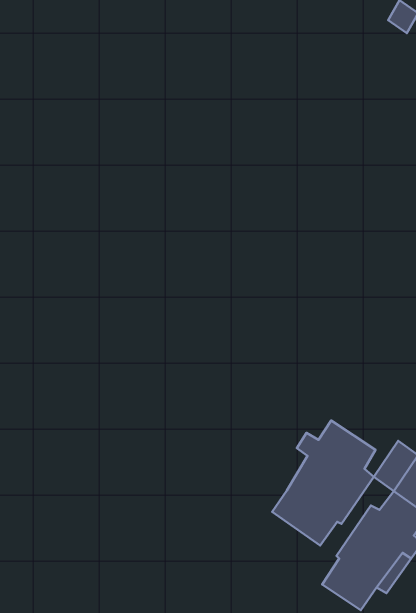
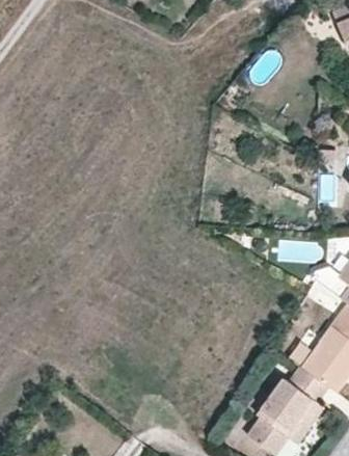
building: [272,420,376,546] -> none

